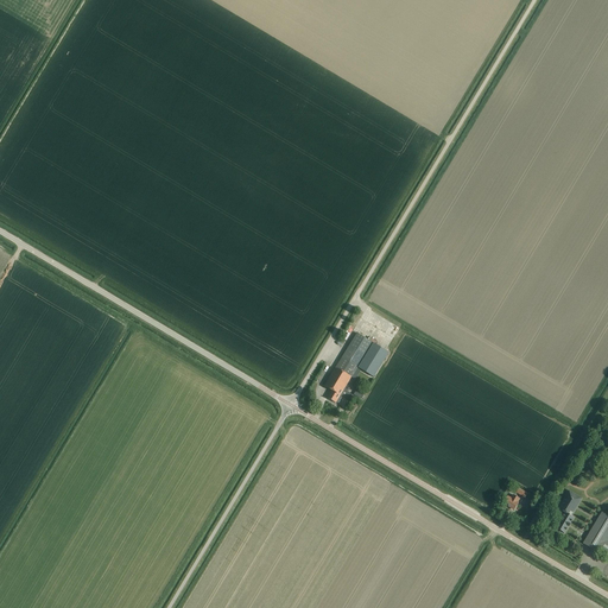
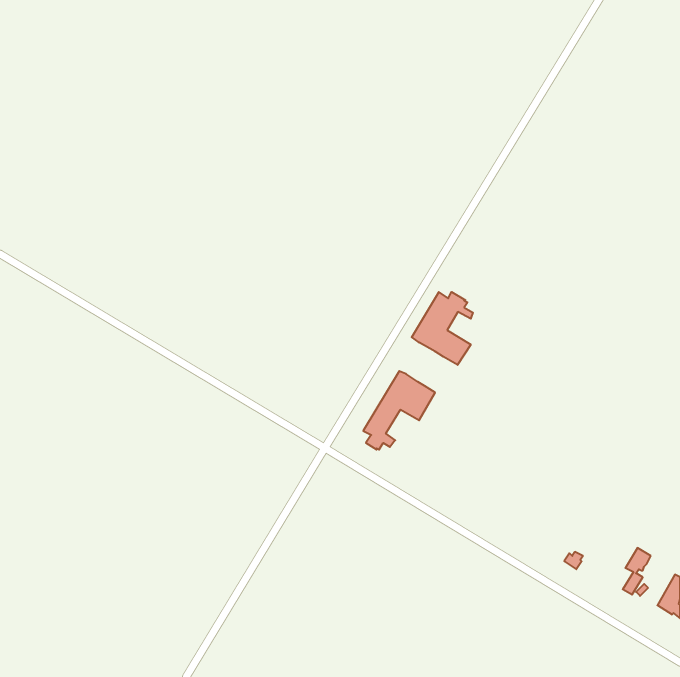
building: none -> [412,292,473,365]

